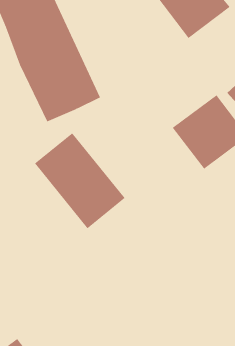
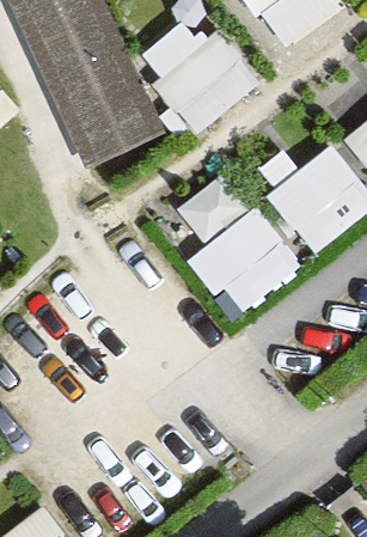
building: none -> [137,10,253,130]
building: [34,132,126,229] -> [169,171,302,312]

